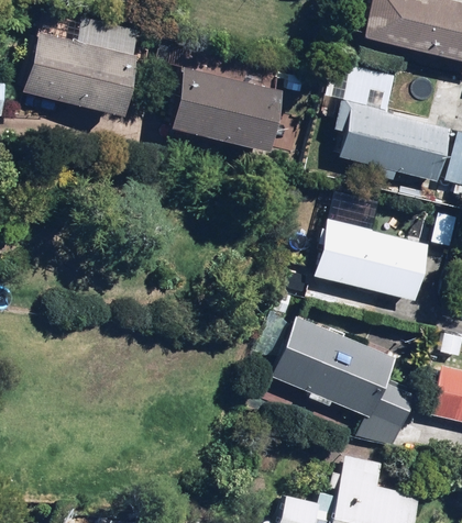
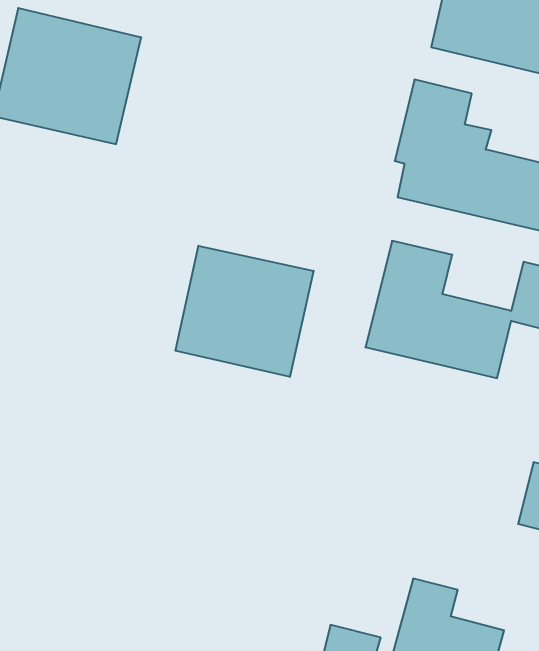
building: [169,52,307,153] -> none
building: none -> [175,246,314,377]
building: [272,316,422,449] -> none

